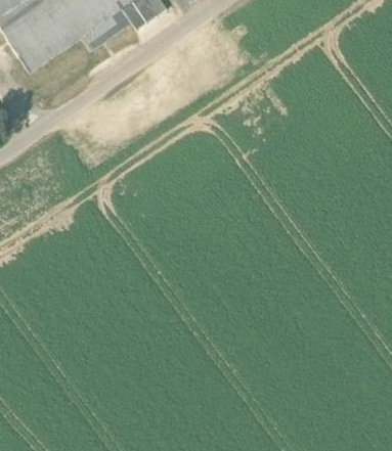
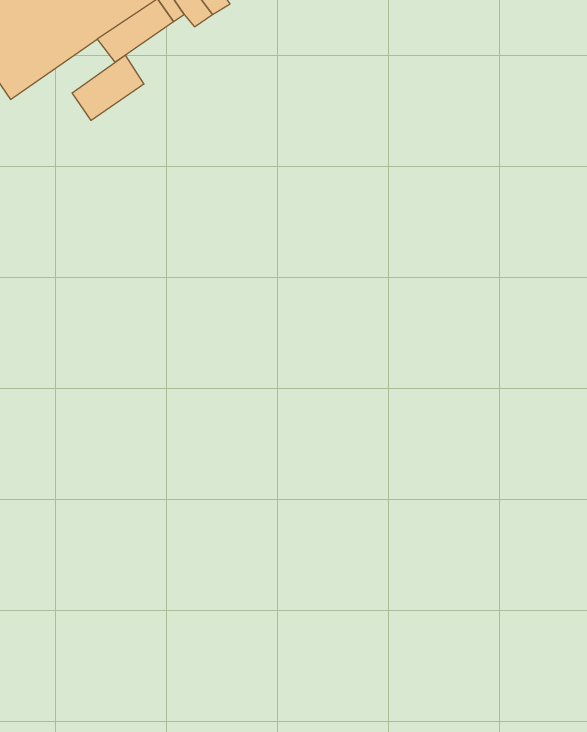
building: none -> [72,55,144,120]

